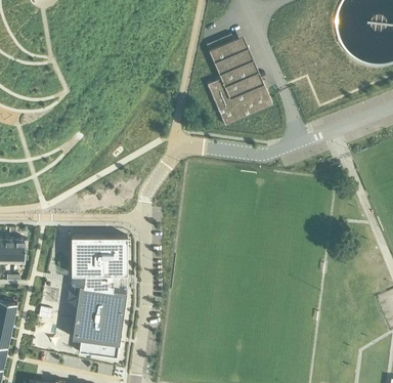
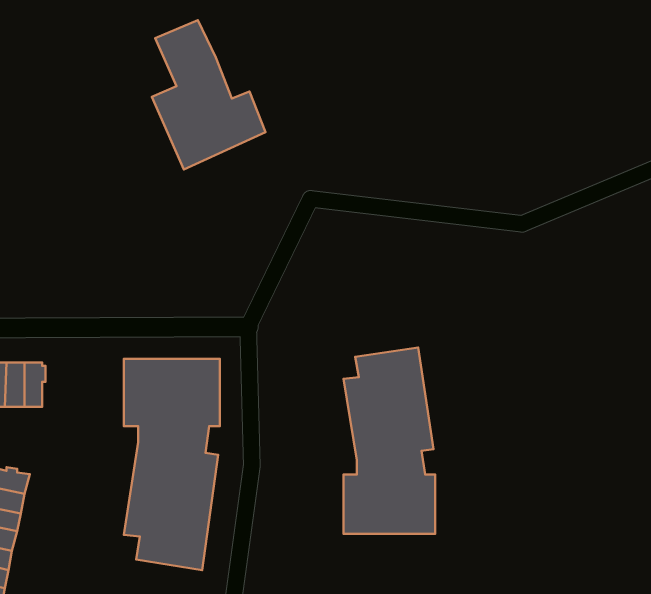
building: [208,40,273,126] -> [152,20,265,170]
building: none -> [343,348,435,534]

